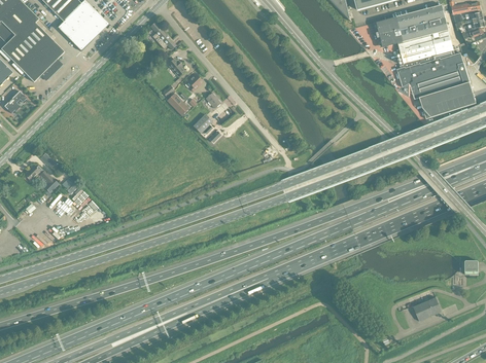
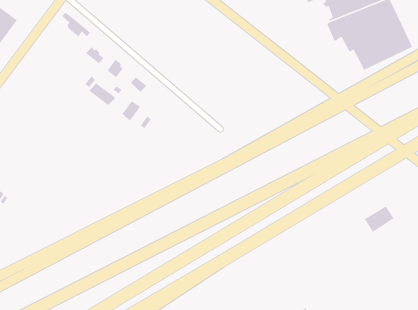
building: [412,297,441,321] -> [364,206,395,233]

